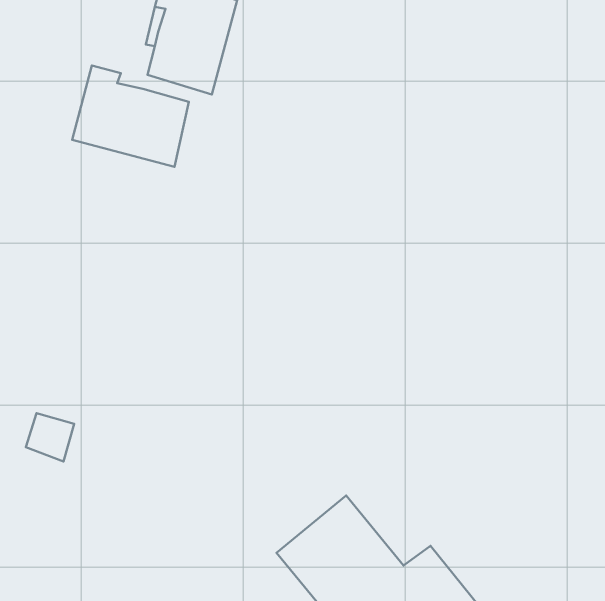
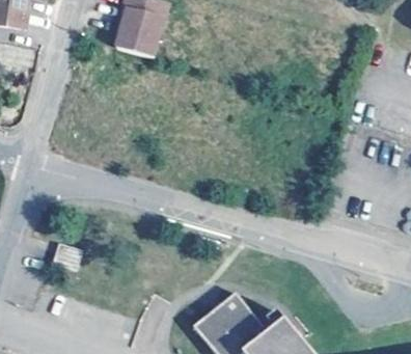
building: [72,66,189,167] -> none

